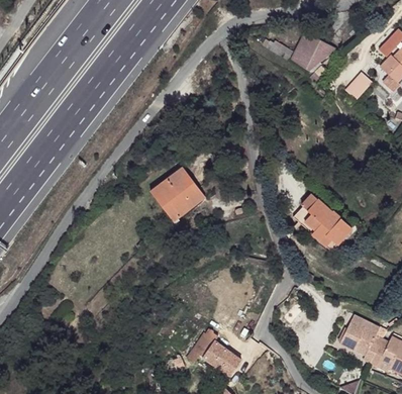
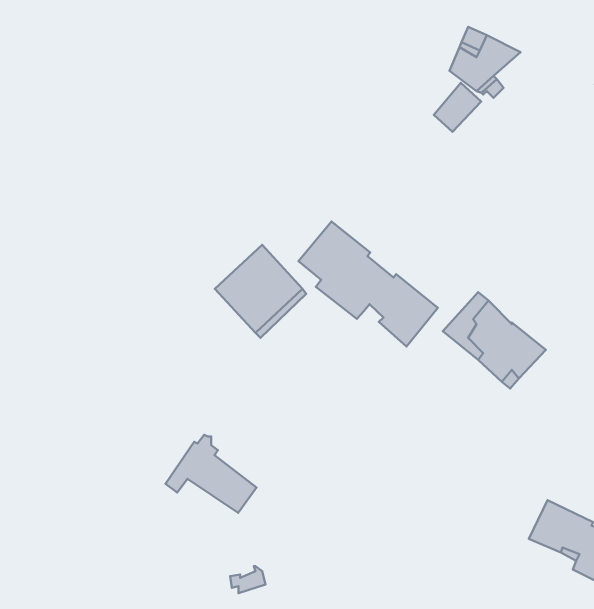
building: [343,70,372,99] -> [434,83,481,132]
building: none -> [299,221,438,346]
building: [187,329,241,376] -> [165,435,257,513]

